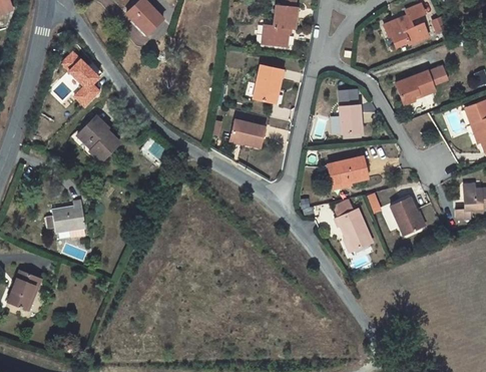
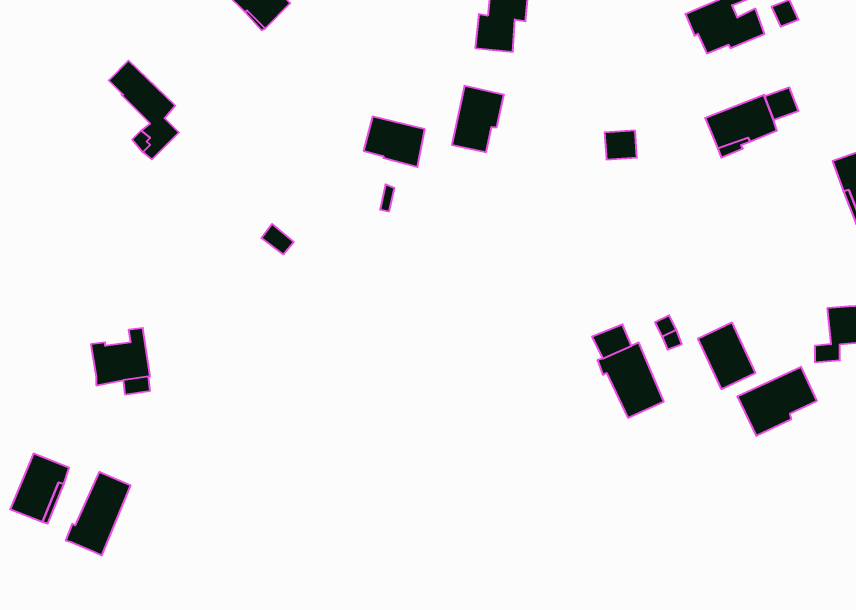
building: [339,105,362,133] -> none
building: [77,119,119,161] -> none
building: [230,119,265,147] -> [364,117,425,167]
building: [329,156,369,187] -> none
building: none -> [737,367,817,436]
building: none -> [66,472,130,556]

